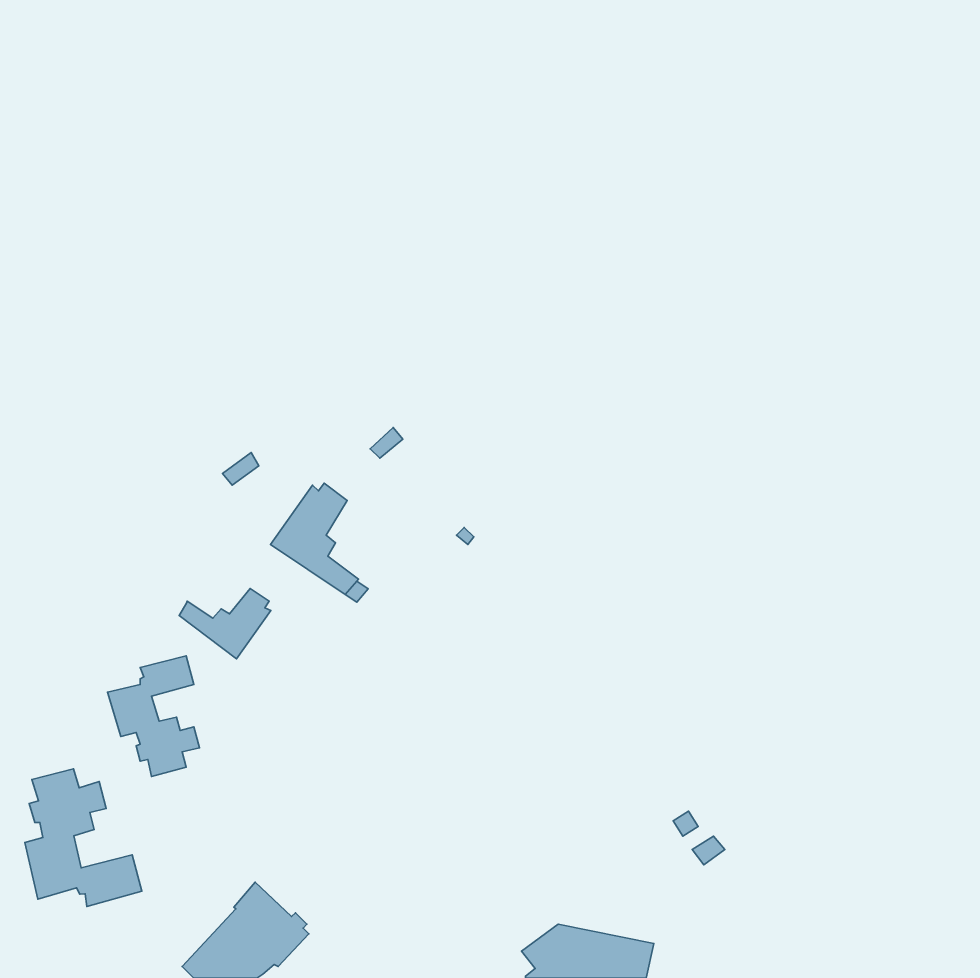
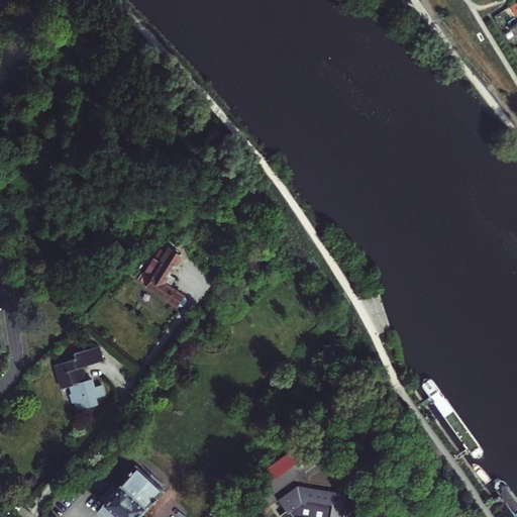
building: [179,588,271,659] -> none
building: [25,769,142,907] -> none

